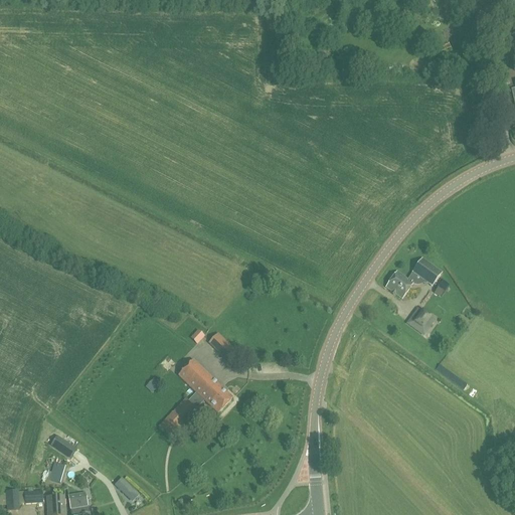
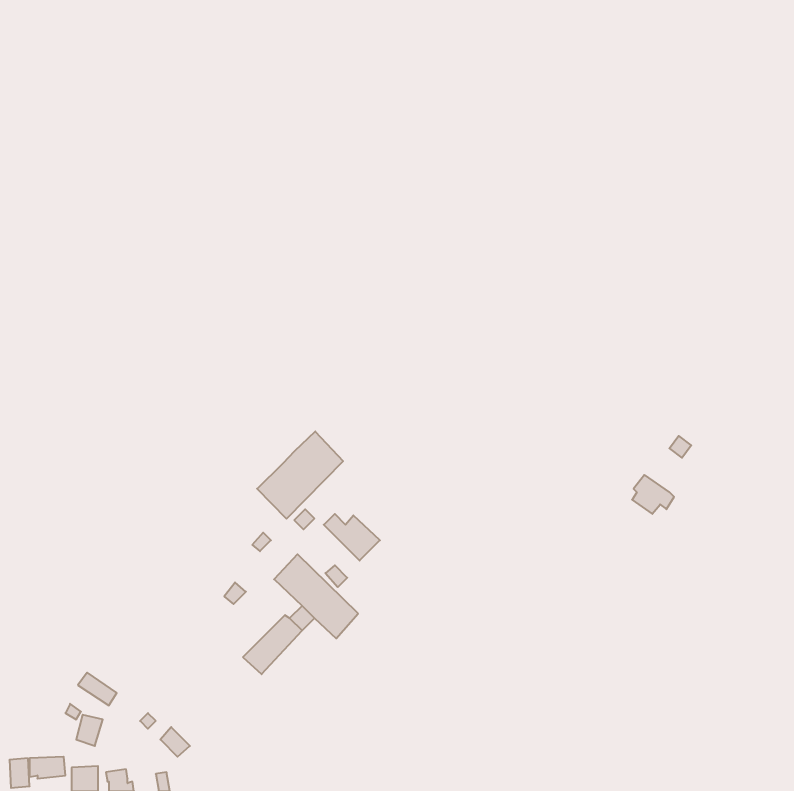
building: [384,256,441,297] -> none
building: none -> [257,431,343,519]

